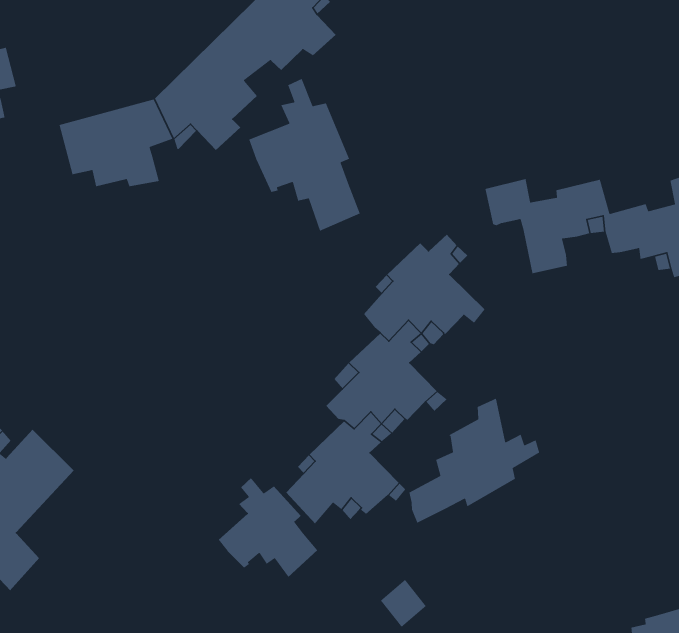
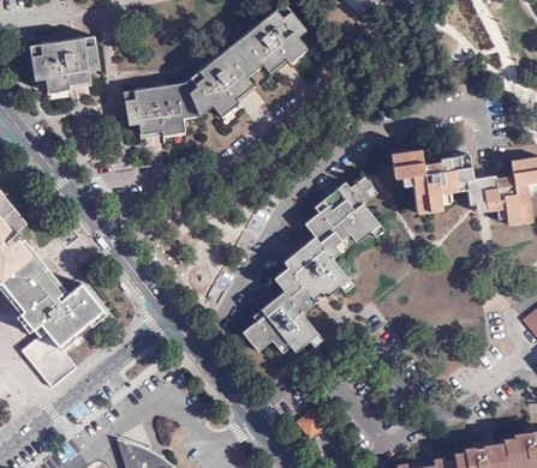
building: [248,78,361,232] -> none
building: [408,397,540,524] -> none
building: [218,477,318,578] -> none

